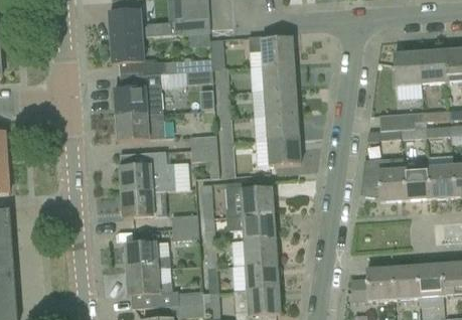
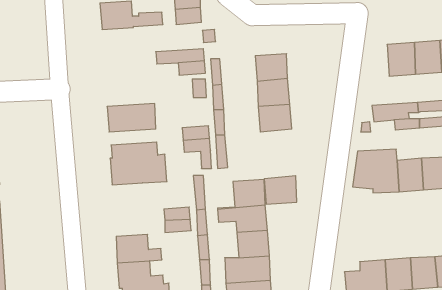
building: [249,35,294,64] -> none
building: [111,36,144,63] -> none
building: [114,72,163,115] -> none
building: [268,137,300,165] -> [264,176,297,204]
building: [121,190,152,217] -> none

